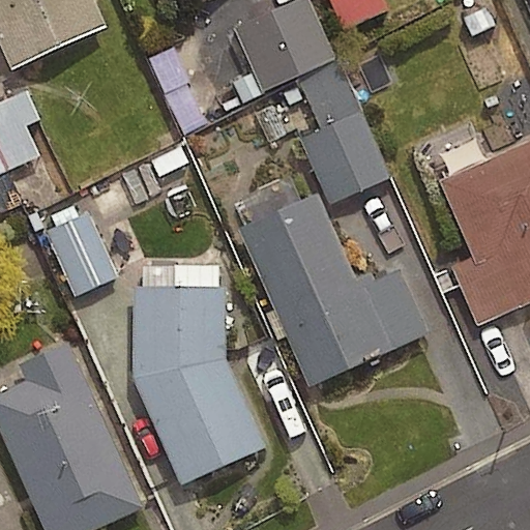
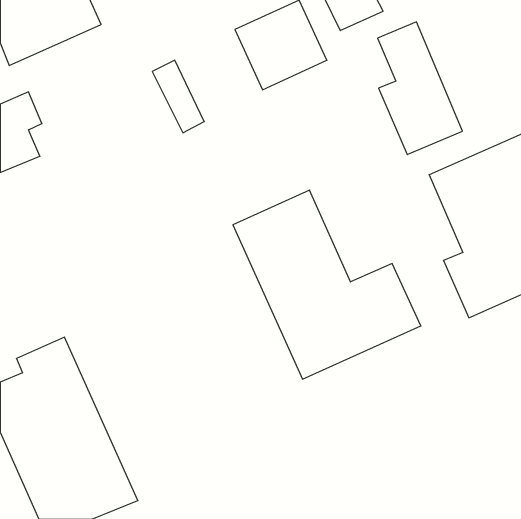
building: [303,70,389,205] -> [378,22,462,155]
building: [49,215,119,297] -> none
building: [129,284,264,483] -> none

